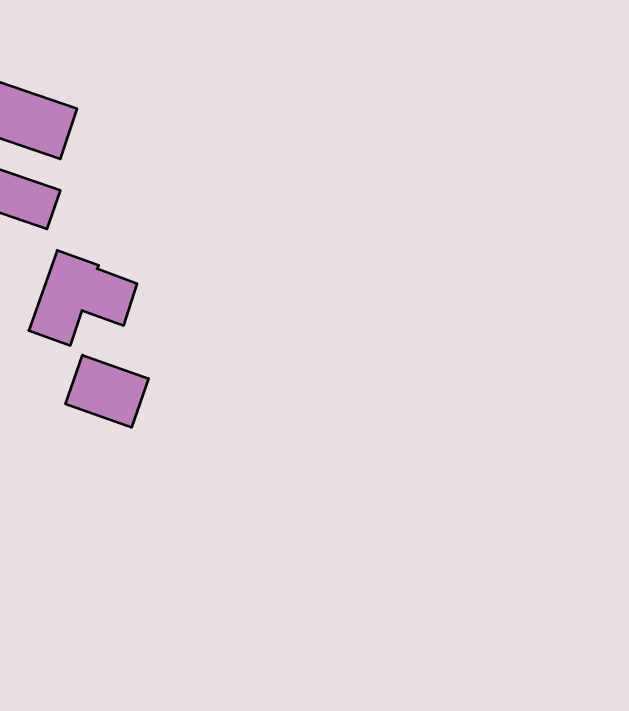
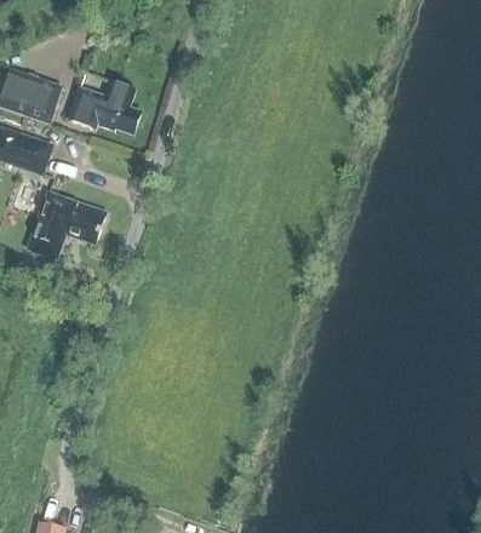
building: none -> [68,79,141,132]
building: [66,355,148,427] -> none

